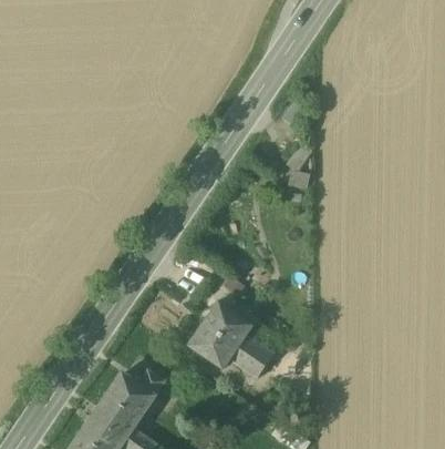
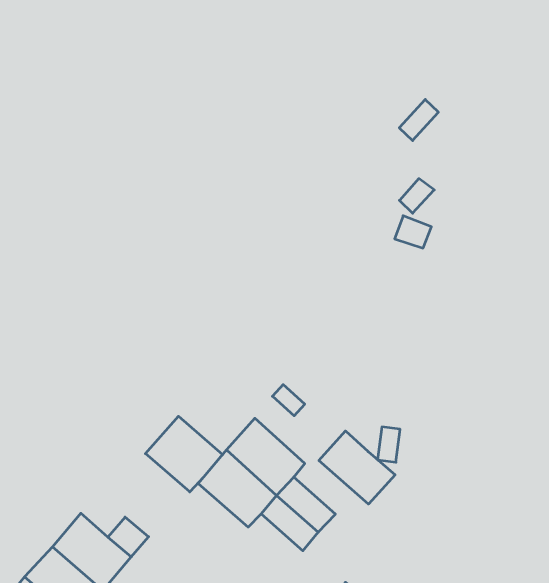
building: none -> [319,431,395,504]
building: none -> [145,416,223,492]

